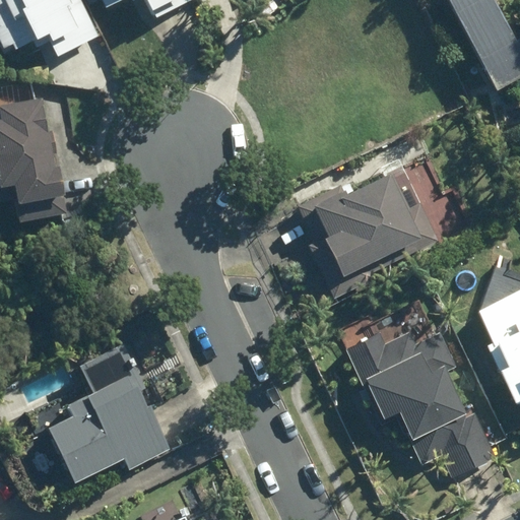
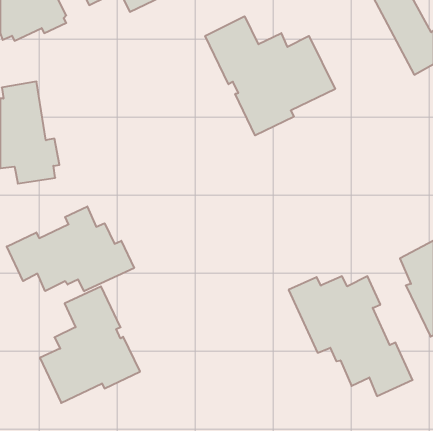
building: none -> [205,16,335,135]
building: [298,171,439,295] -> none
building: none -> [7,206,134,291]

